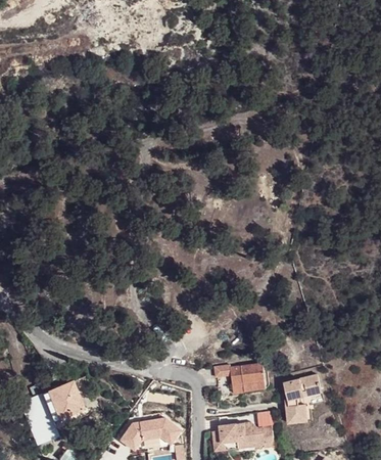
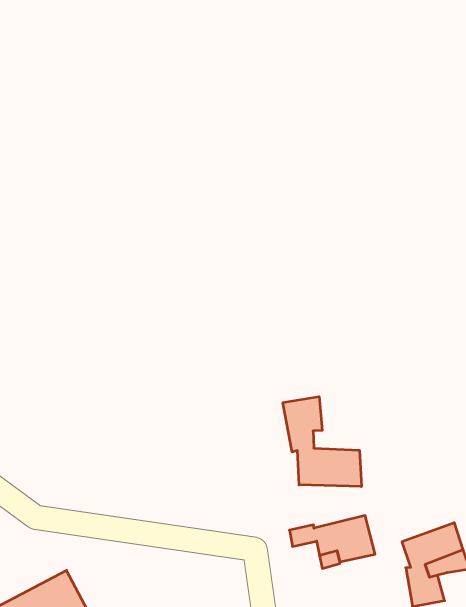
building: none -> [283,397,361,487]

